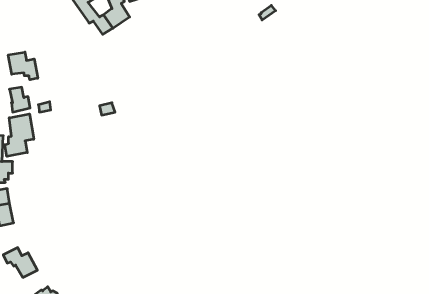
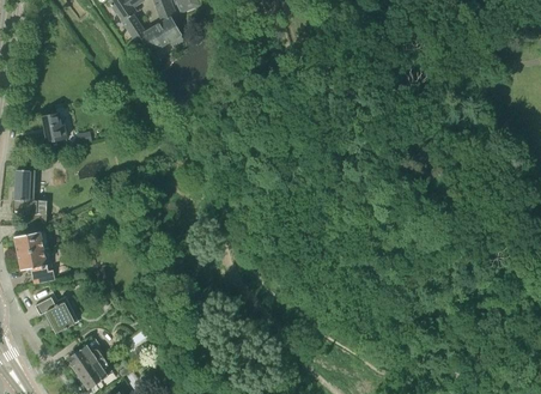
building: [8,52,38,80] -> none
building: [5,114,34,156] -> none

